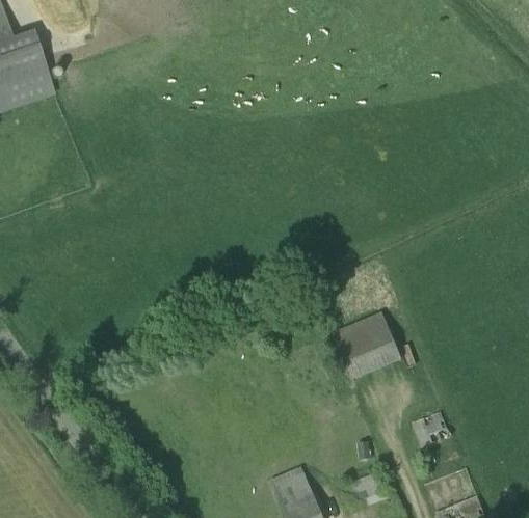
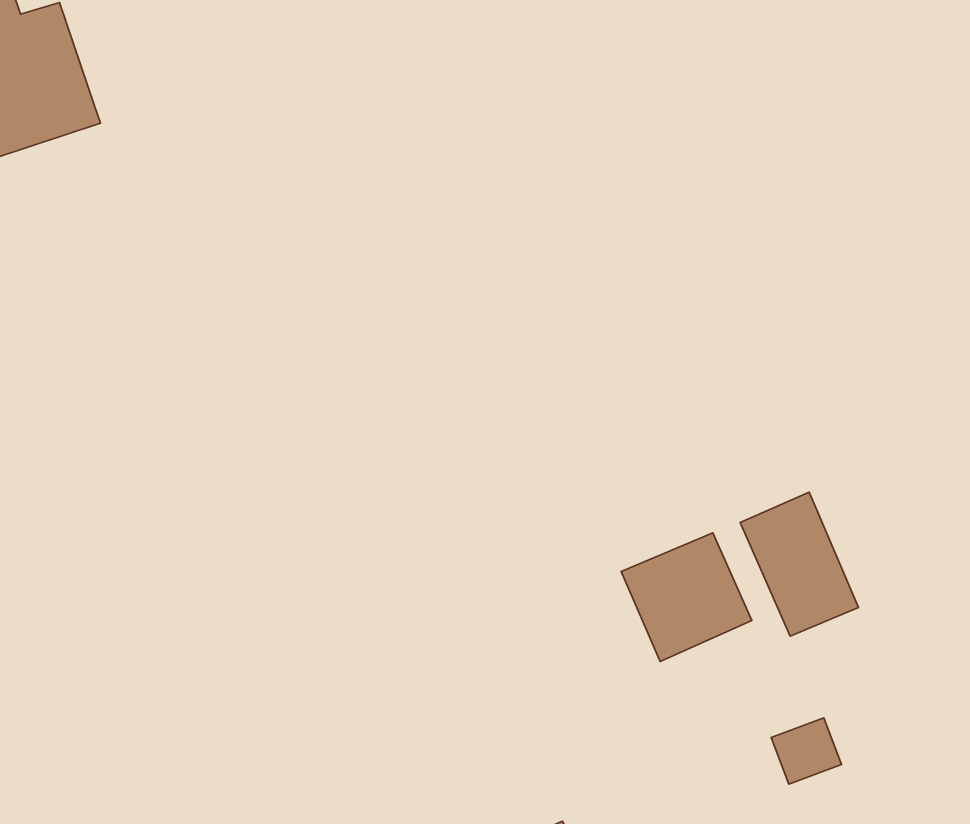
building: none -> [740,492,859,636]

